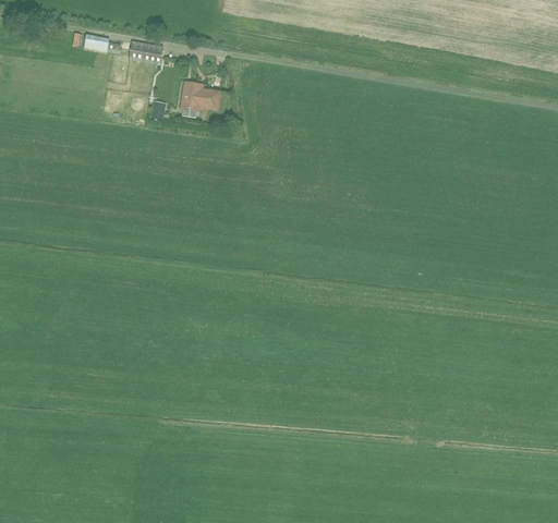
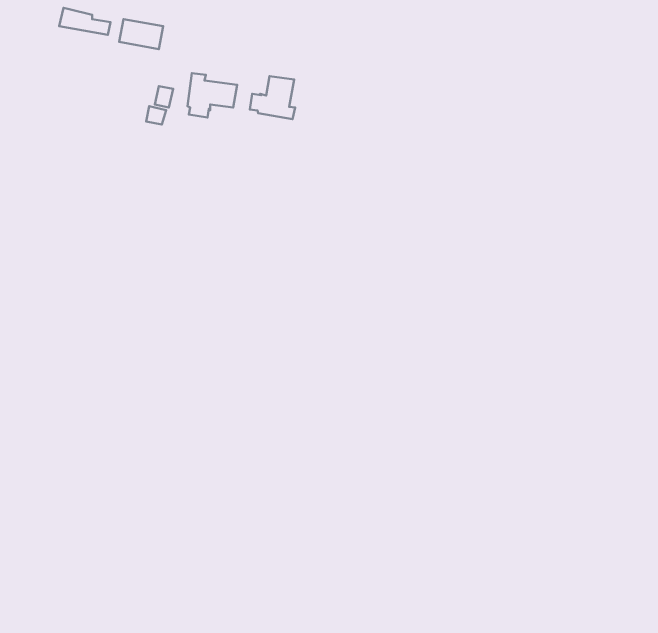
building: none -> [250,76,295,119]

